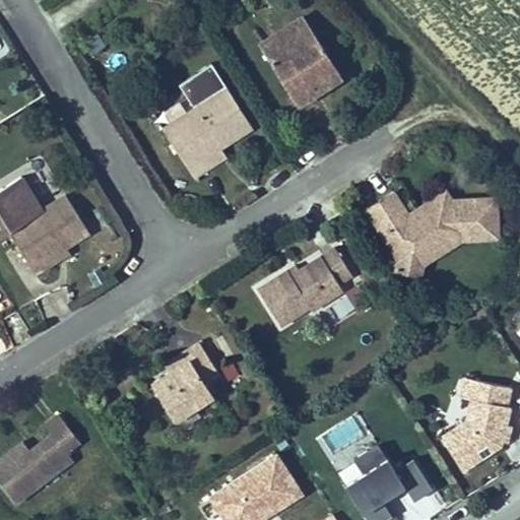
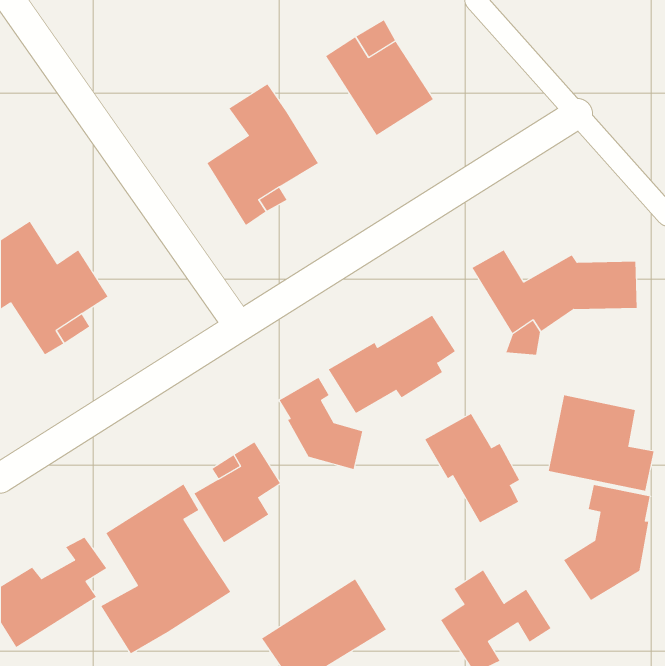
building: none -> [279,377,363,470]
building: none -> [548,395,654,491]
building: none -> [424,413,520,523]
building: none -> [100,483,231,654]

